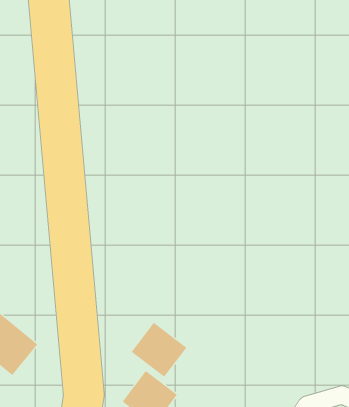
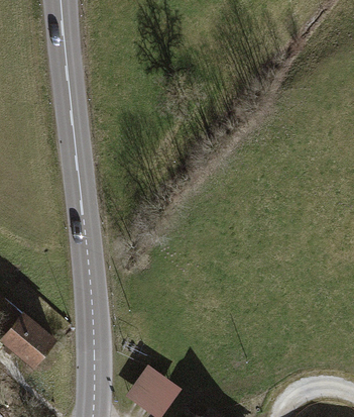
building: [131,322,187,378] -> none

